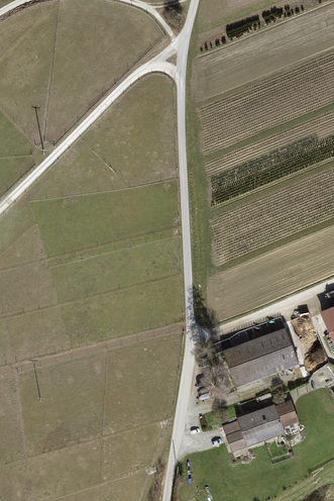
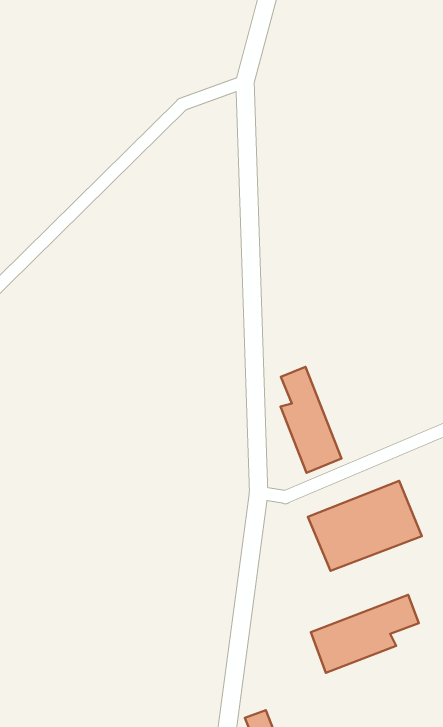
building: none -> [280,367,342,473]

